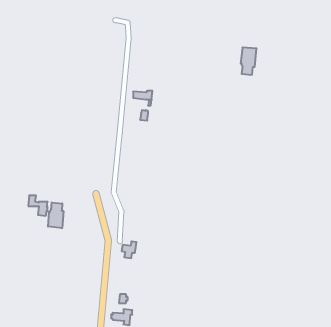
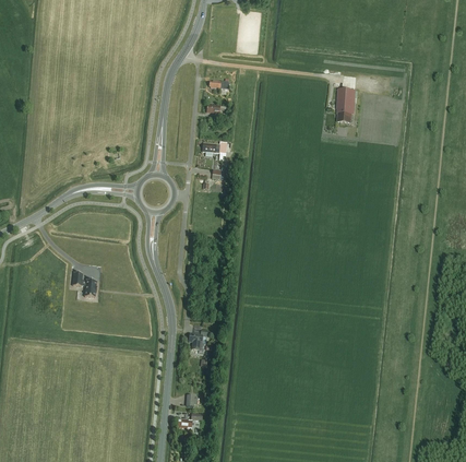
building: [48,202,63,228] -> none

